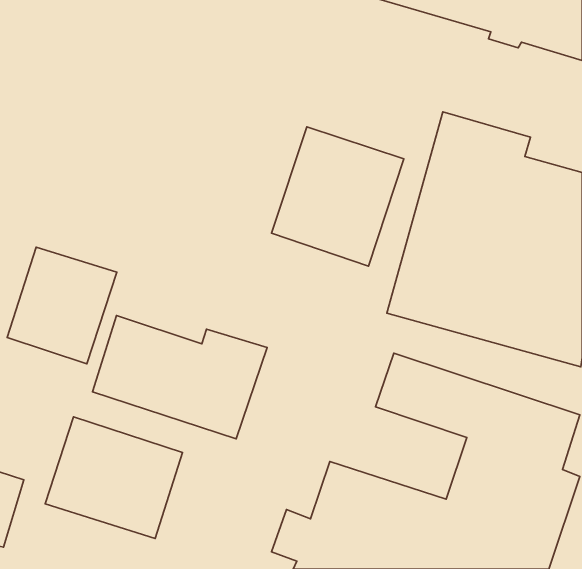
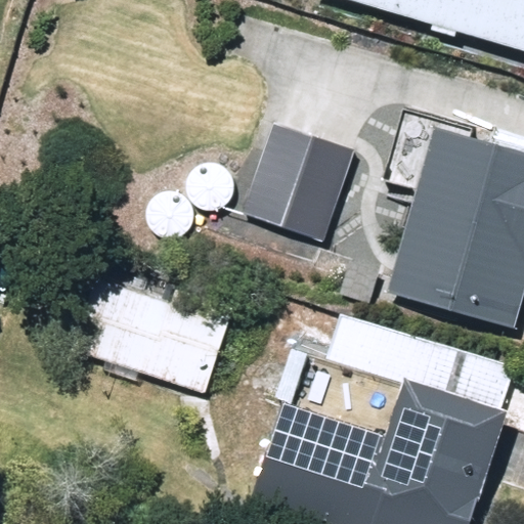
building: [7,247,117,364] -> none
building: [45,417,183,539] -> none

